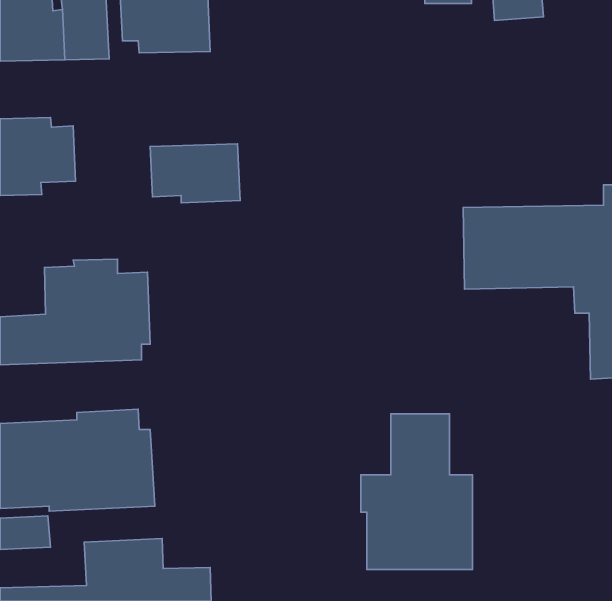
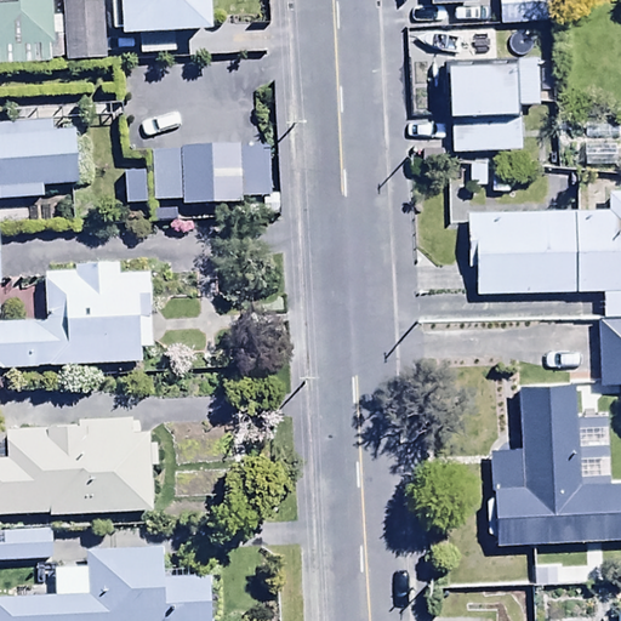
building: none -> [444,49,532,139]
building: [361,414,472,570] -> [491,381,604,539]

